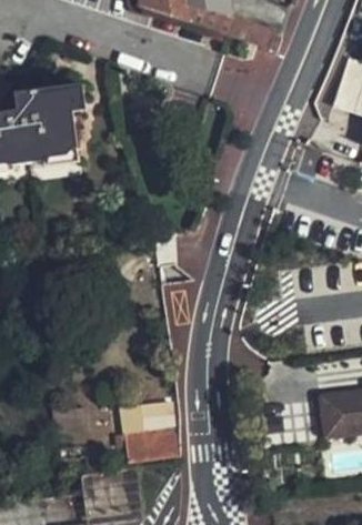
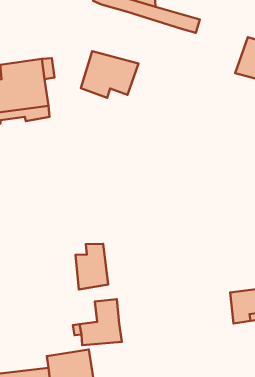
building: none -> [81,51,138,98]
building: none -> [76,244,108,290]

